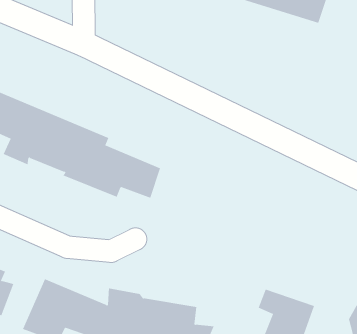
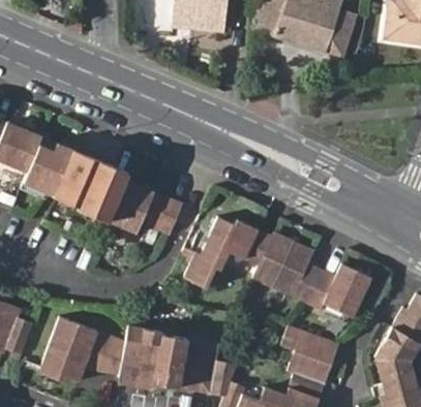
building: none -> [178,218,370,318]

